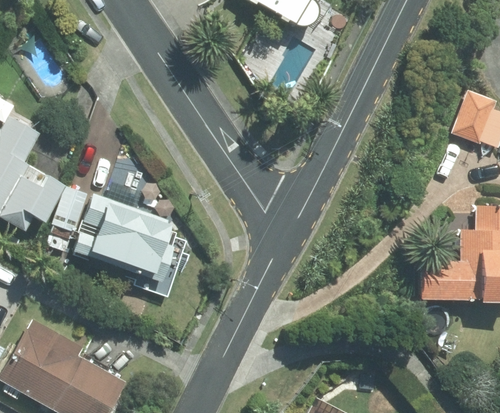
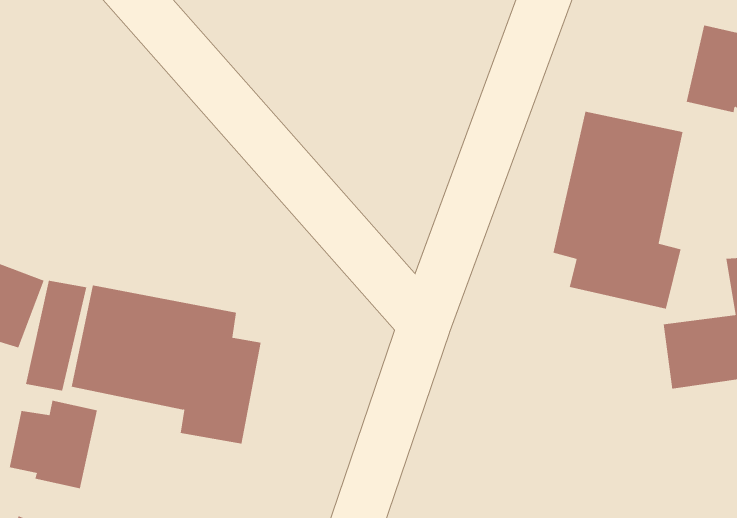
building: none -> [553,111,683,310]
building: none -> [9,400,98,489]

